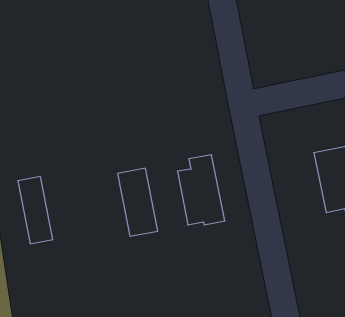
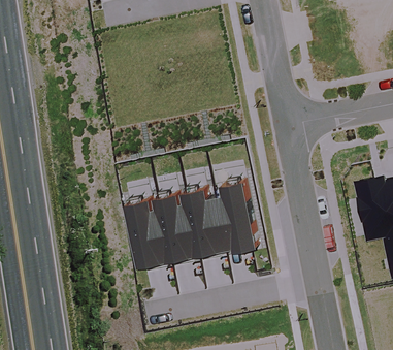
building: none -> [182,185,224,254]
building: [18,177,53,244] -> [131,196,166,263]

